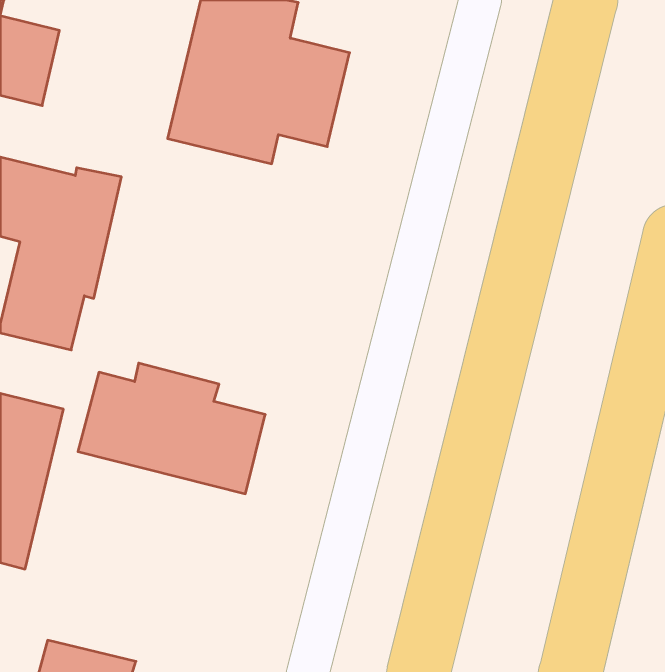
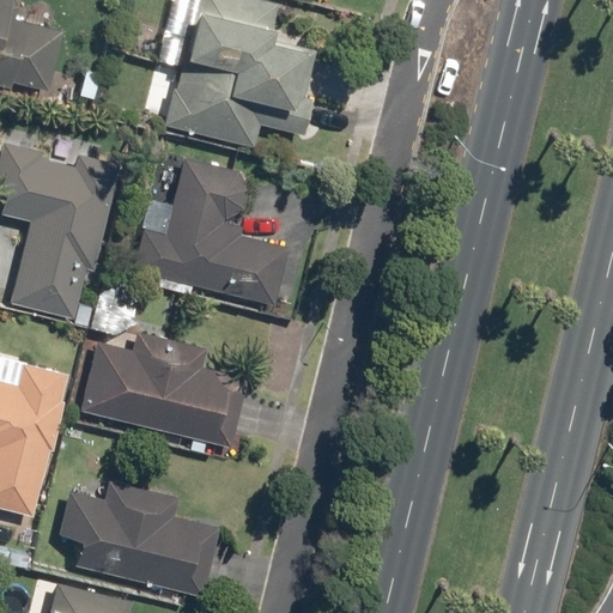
building: none -> [129,157,290,308]
building: none -> [55,480,220,599]

